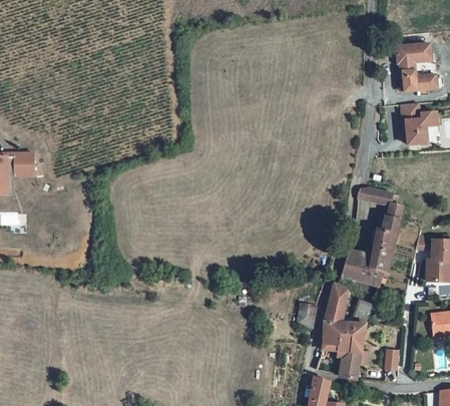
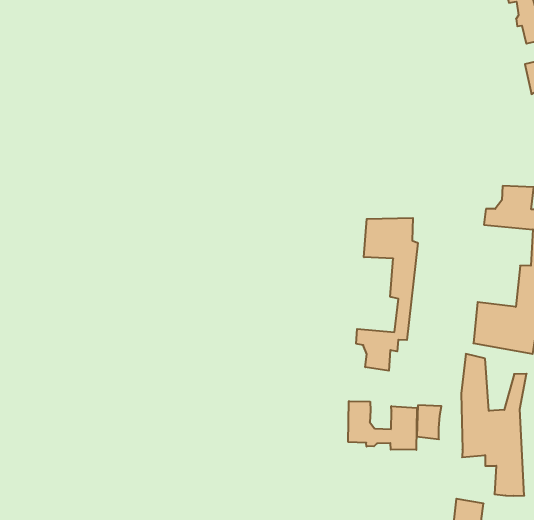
building: none -> [356,218,418,371]
building: none -> [348,401,417,450]

